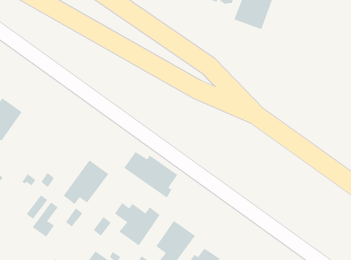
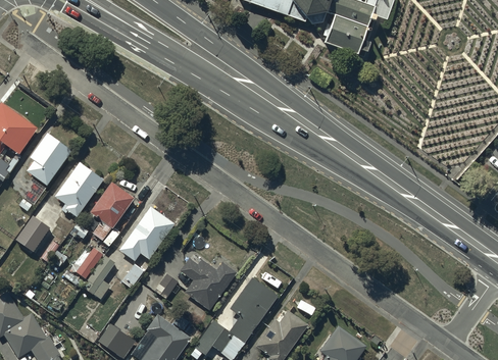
building: none -> [55,162,104,217]
building: none -> [90,183,134,228]
building: [123,151,178,198] -> none

